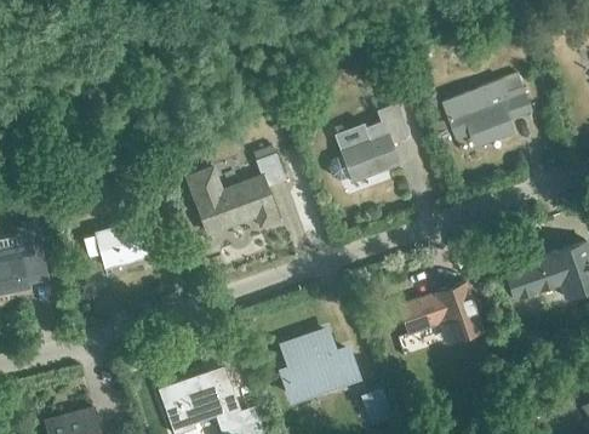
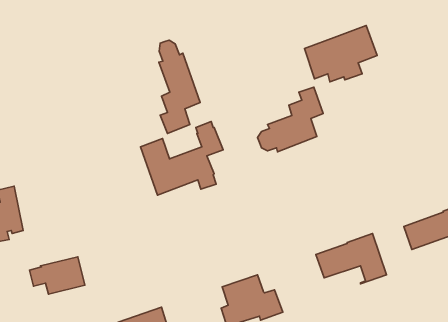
building: none -> [159,40,200,134]
building: [442,75,530,143] -> [305,25,377,82]
building: [82,224,149,269] -> [29,257,85,294]

